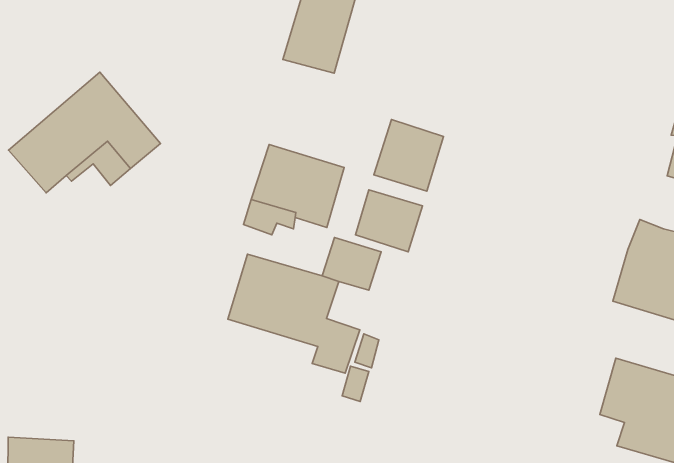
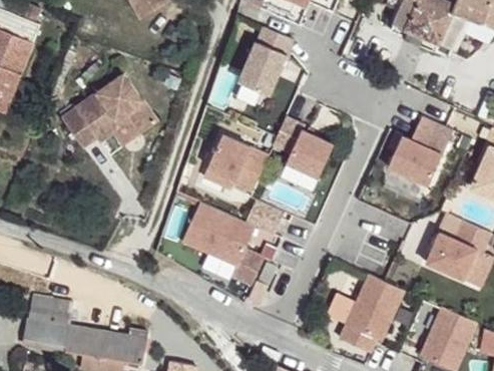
building: none -> [388,117,451,186]
building: [355,190,422,252] -> none
building: none -> [339,275,404,353]

